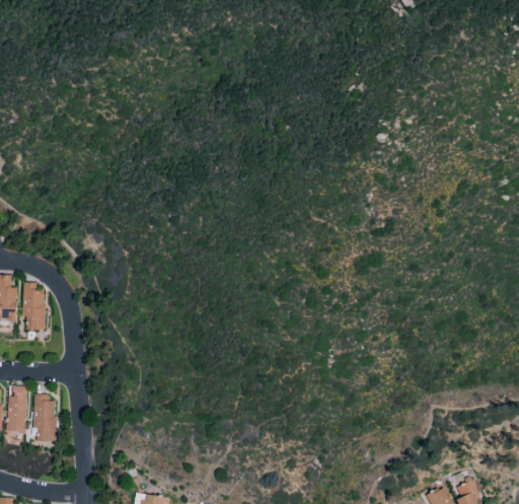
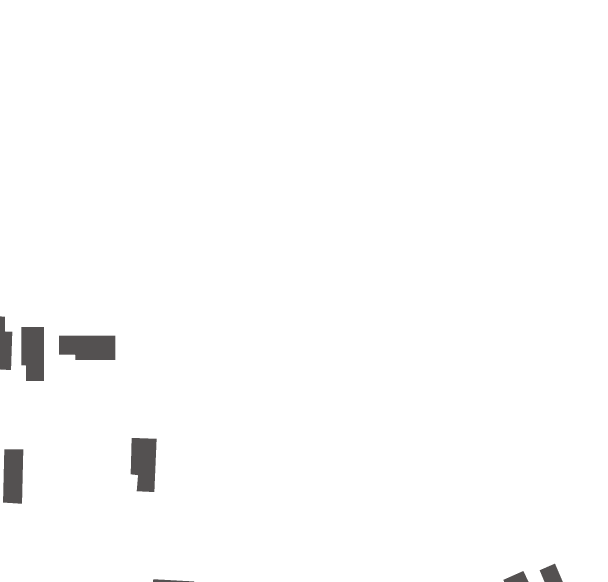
building: none -> [58,335,116,361]
building: [33,397,57,443] -> [130,437,158,493]

